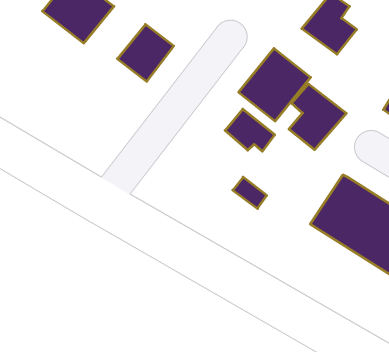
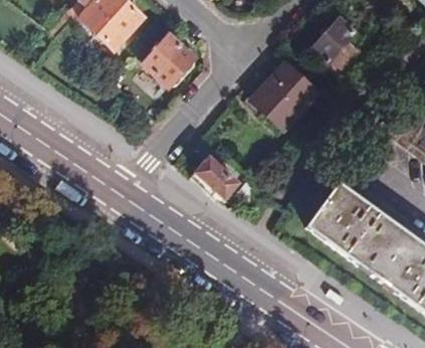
building: [289,84,346,150] -> none
building: [225,109,275,151] -> [192,157,236,196]

